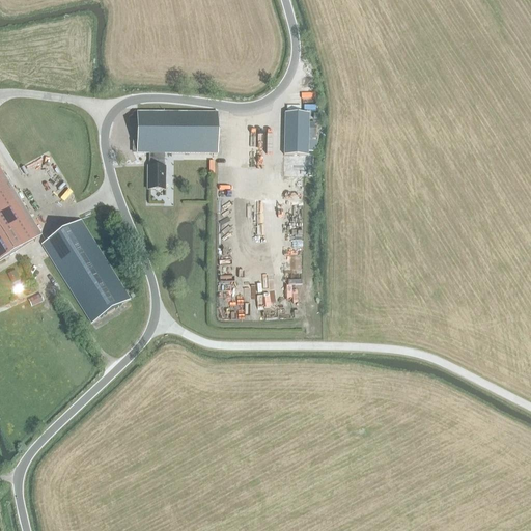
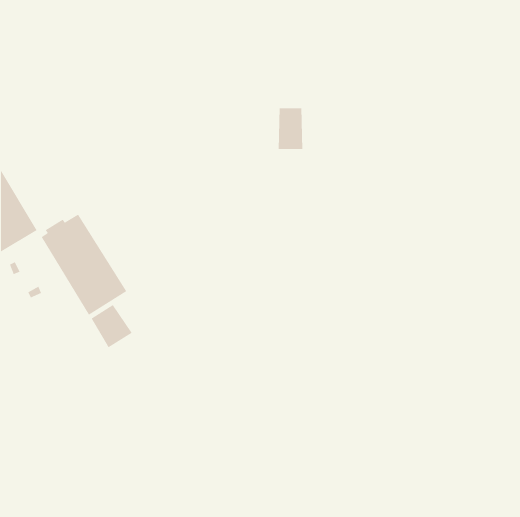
building: [132,109,217,188] -> none
building: none -> [91,304,132,348]

